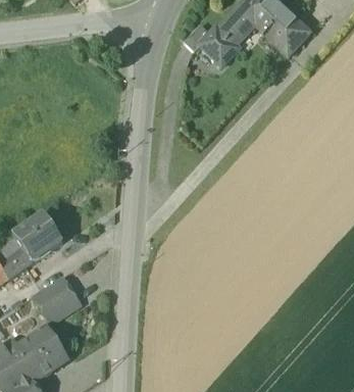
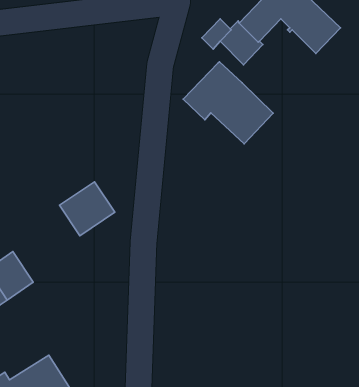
building: none -> [183,62,273,144]
building: [13,213,63,262] -> [59,182,115,236]
building: [34,276,80,321] -> none

